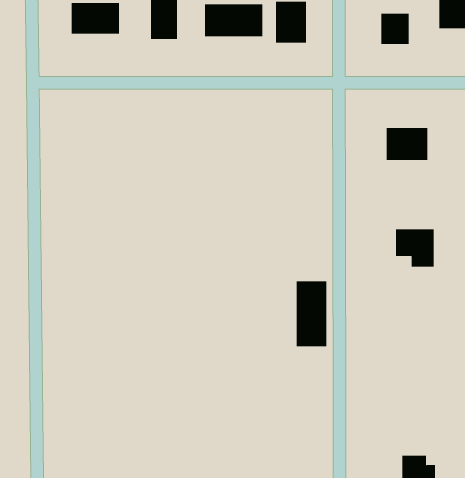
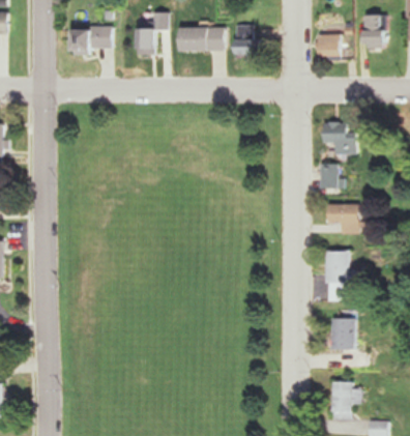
building: none -> [317,165,339,191]
building: [296,281,327,347] -> [325,250,350,301]
building: none -> [332,319,355,350]

